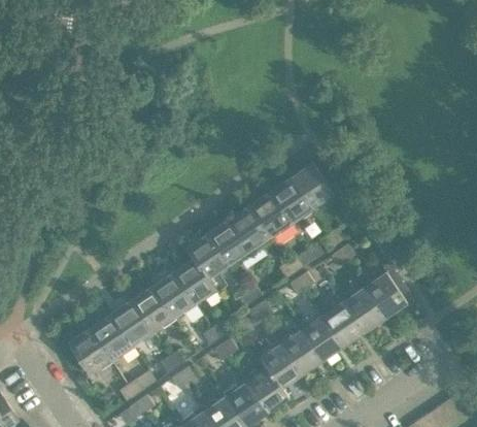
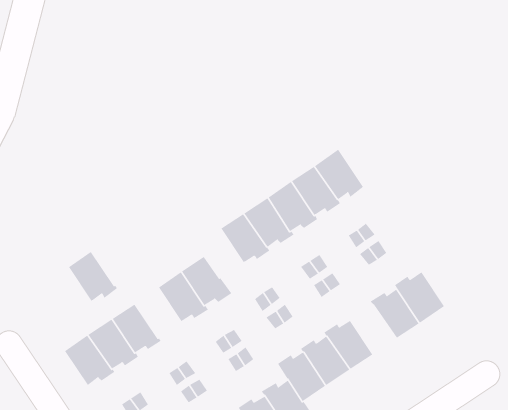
building: [185,234,231,292] -> none
building: [131,287,175,332] -> [68,251,118,302]
building: [319,302,364,347] -> none

